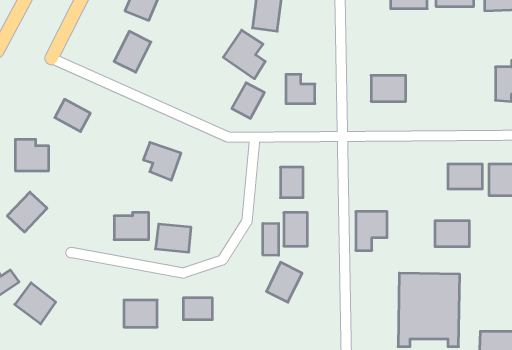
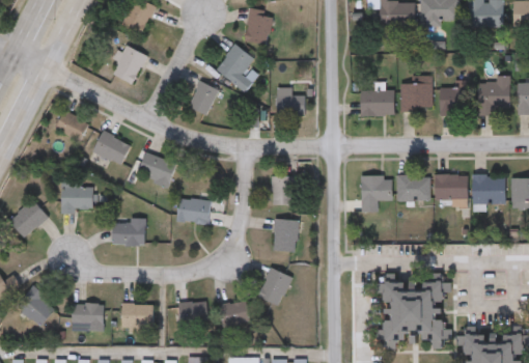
building: none -> [398,76,429,110]
building: none -> [438,86,469,114]
building: [232,83,264,118] -> [188,82,219,116]
building: none -> [92,132,131,166]
building: [15,139,49,171] -> [61,183,93,213]
building: [356,212,387,250] -> [360,174,390,212]
building: [435,221,469,247] -> [395,174,428,199]
building: [263,223,279,255] -> none
building: [155,224,191,252] -> [177,199,212,226]
building: none -> [219,301,250,330]
building: none -> [73,305,104,330]

